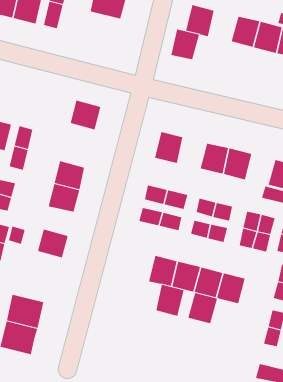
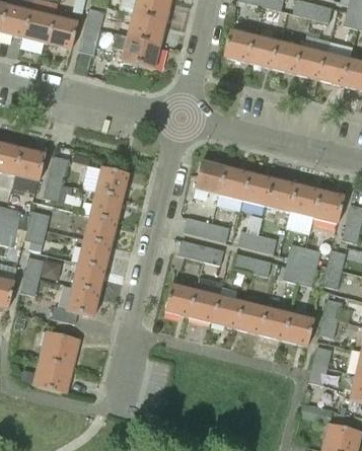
building: none -> [121,35,159,68]
building: [171,29,200,60] -> [250,34,281,67]
building: [70,100,101,130] -> [95,166,128,198]
building: none -> [218,166,248,199]
building: none -> [289,183,319,216]
building: none -> [78,238,111,269]
building: none -> [51,285,98,323]
building: [155,284,185,316] -> [164,283,195,316]
building: [188,293,218,324] -> [282,313,313,346]

